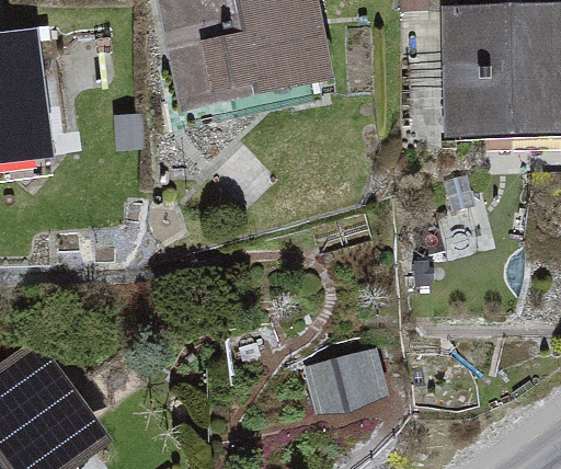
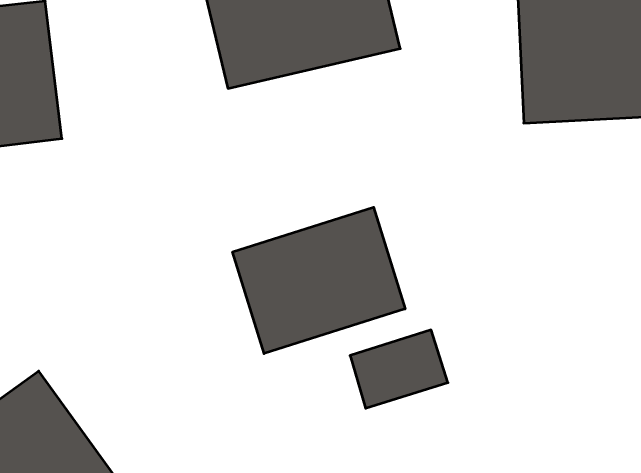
building: none -> [233,207,405,354]

